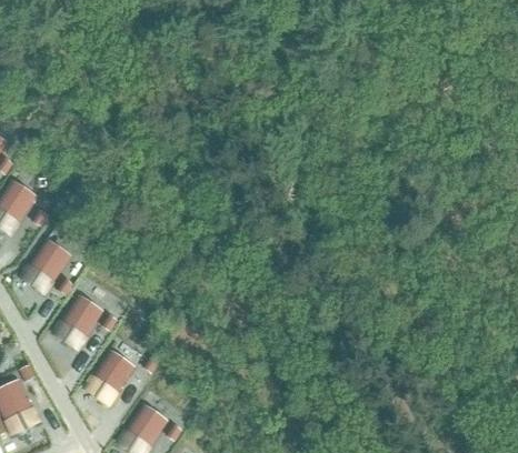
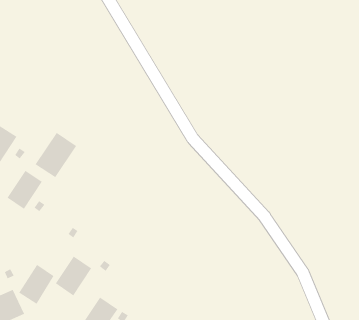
building: none -> [35,132,77,178]
building: [53,293,101,346] -> [18,264,55,305]

